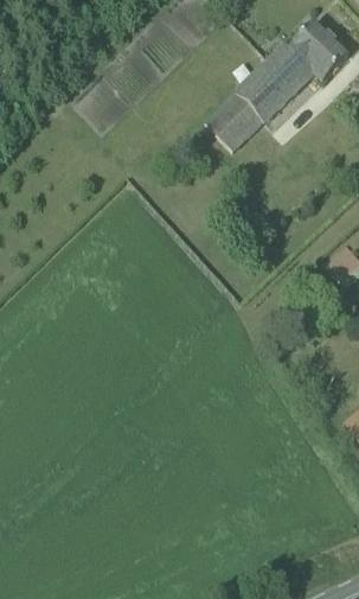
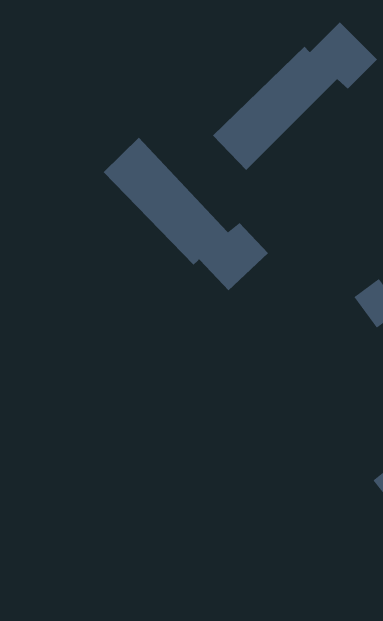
building: none -> [103,137,269,291]

